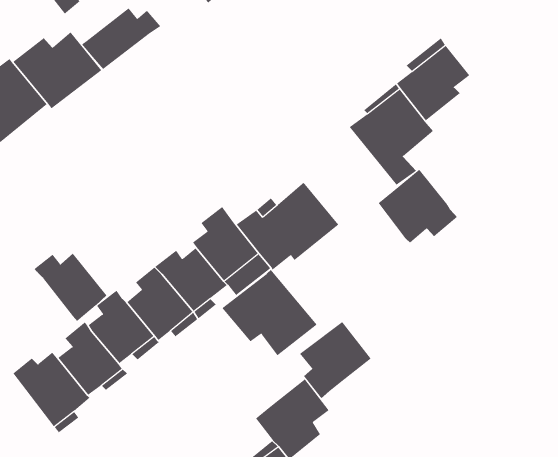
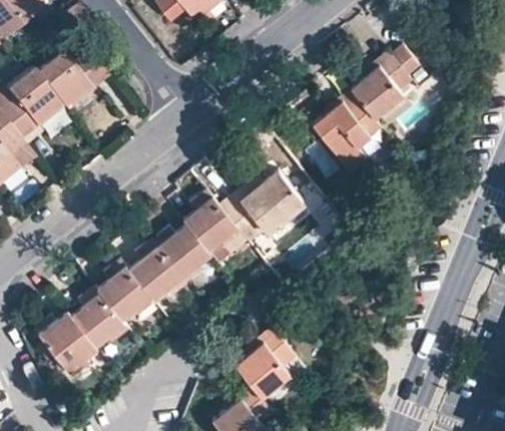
building: [81,8,161,70] -> none
building: [378,169,458,243] -> none
building: [34,253,107,322] -> none
building: [222,269,318,356] -> none
building: [299,321,372,399] -> none

